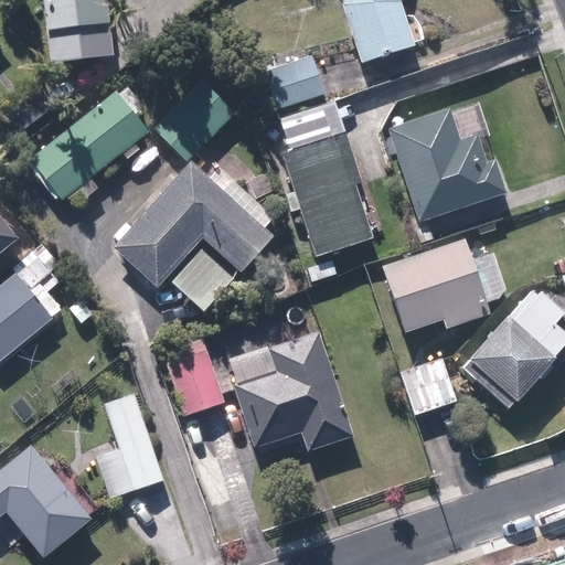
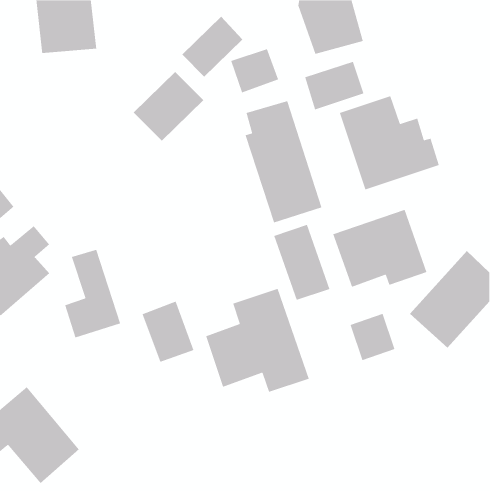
building: none -> [182,16,243,77]
building: none -> [304,61,364,111]
building: [35,90,149,199] -> none
building: [115,161,274,310] -> none
building: none -> [273,224,330,301]
building: [95,393,160,495] -> [64,249,121,338]

